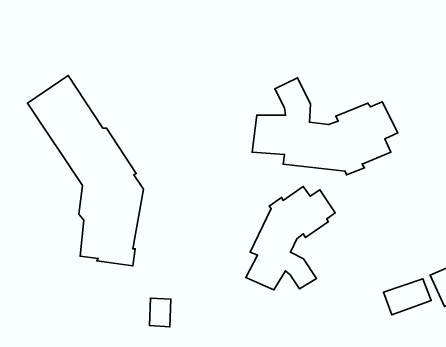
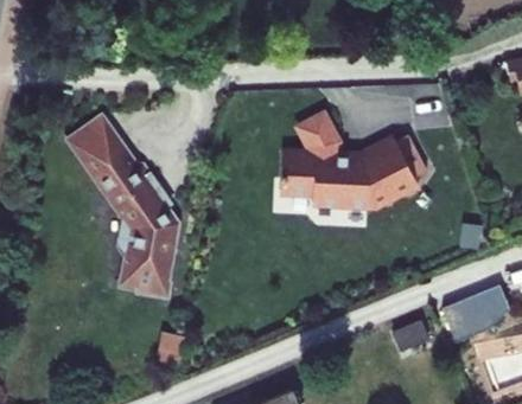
building: [246,187,335,290] -> none

